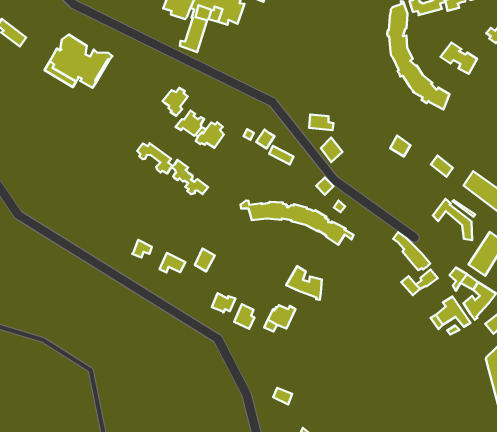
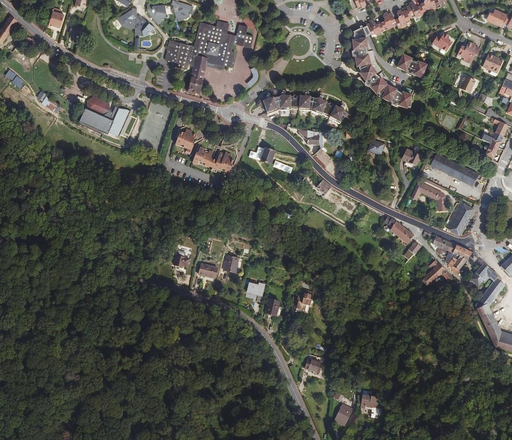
building: [137,143,208,194] -> none
building: [241,201,353,245] -> [257,96,352,123]
building: [286,266,322,300] -> none

